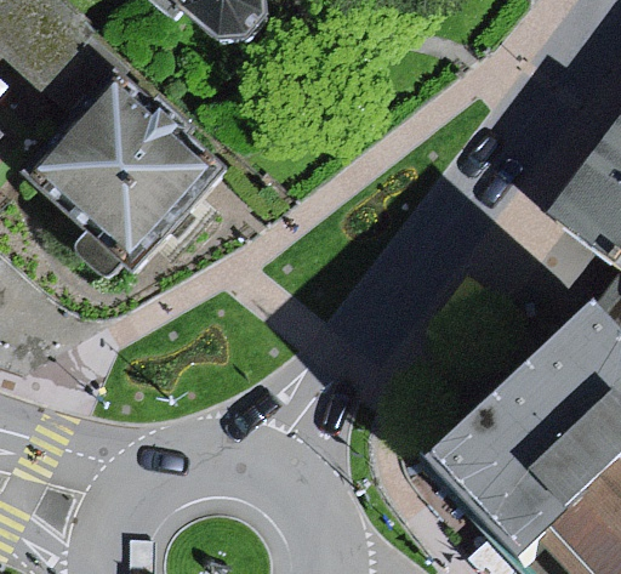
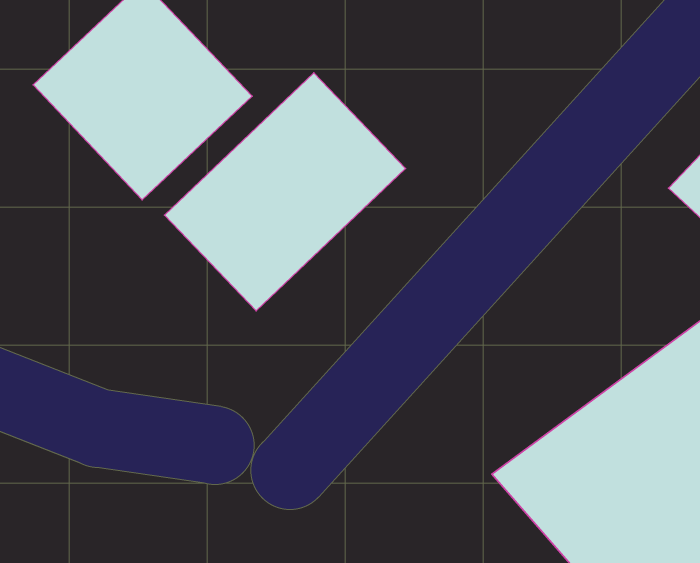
building: none -> [164,73,406,311]

